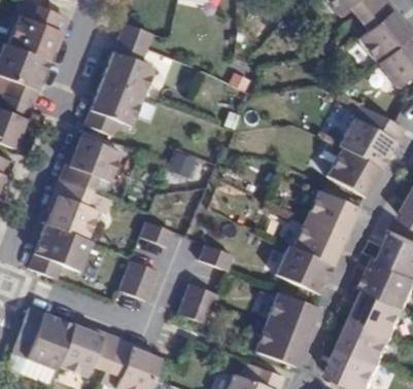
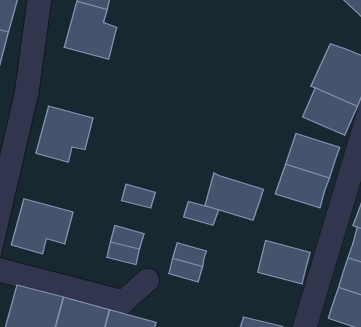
building: [82,80,141,135] -> none
building: [43,180,110,240] -> none
building: [272,243,331,293] -> [205,173,263,220]
building: [251,320,305,365] -> none

